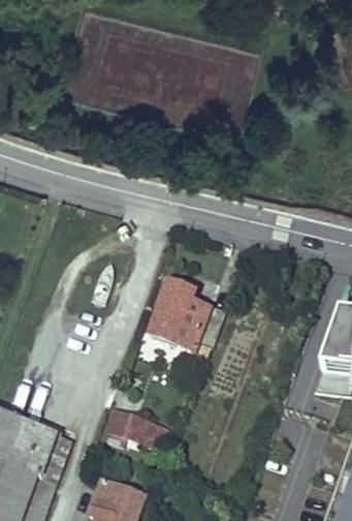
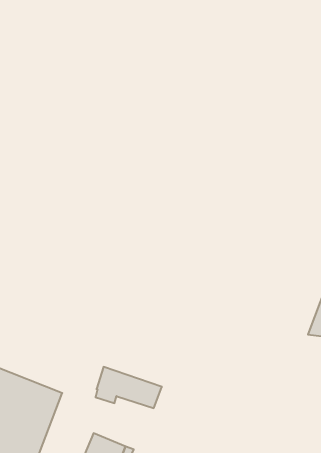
building: [148,275,220,357] -> none

